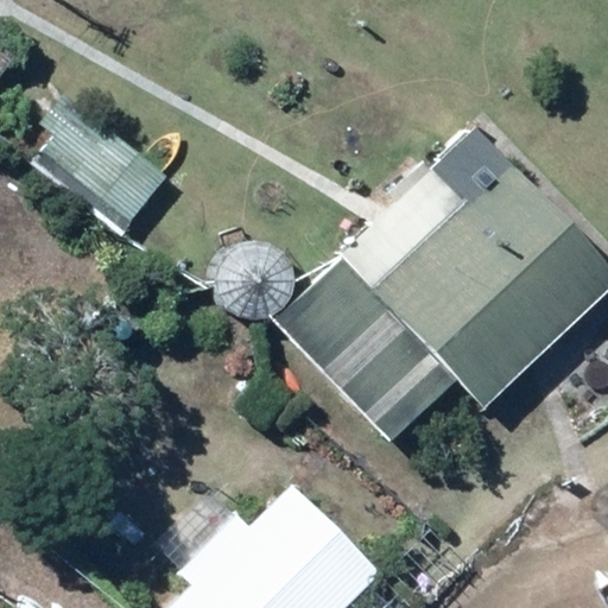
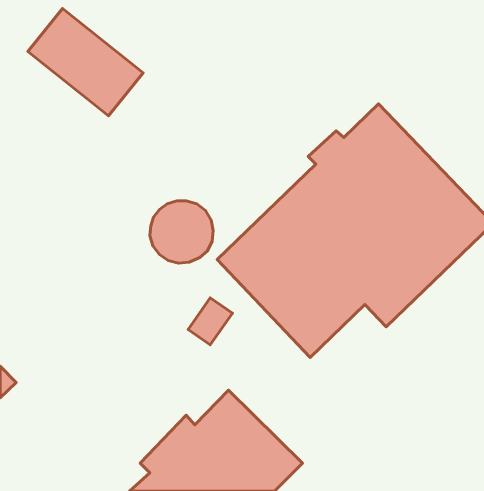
building: [25,96,167,229] -> [28,8,143,116]

